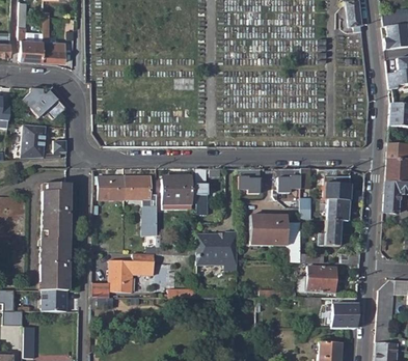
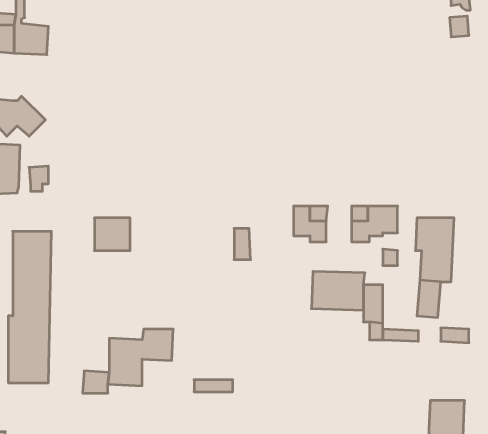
building: [124,175,157,234] -> none
building: [162,175,191,200] -> none
building: [196,230,237,263] -> none
building: [307,266,334,293] -> none
building: [40,290,66,311] -> none

